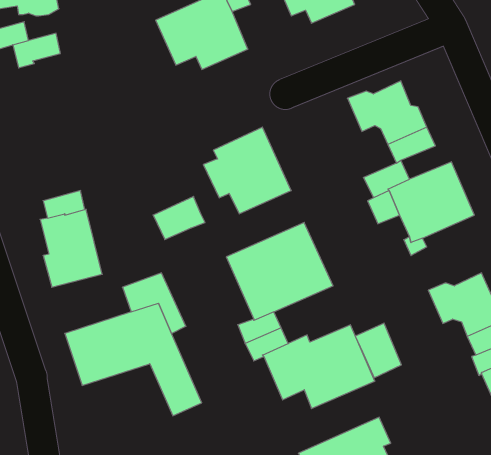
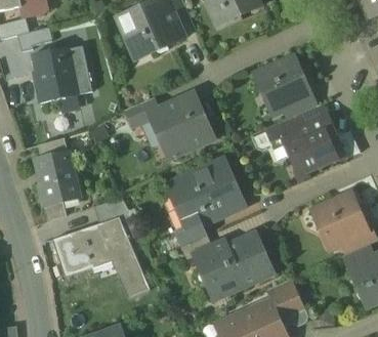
building: none -> [33,49,90,101]
building: [153,196,205,240] -> [125,96,162,127]
building: [355,323,401,378] -> [271,278,304,317]

